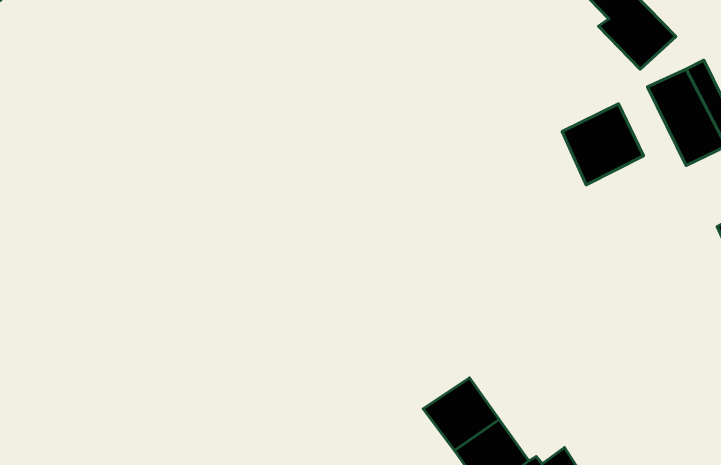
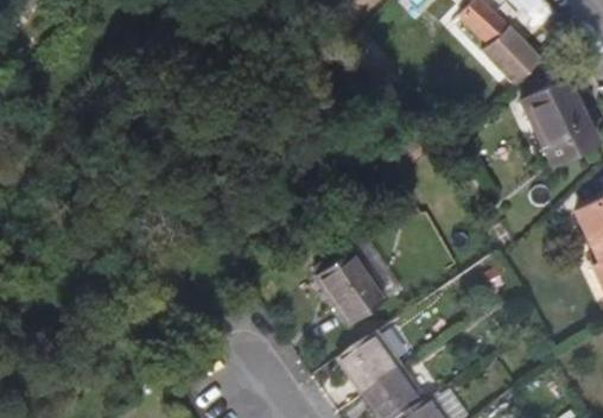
building: [562,104,644,185] -> none
building: none -> [310,236,399,323]

